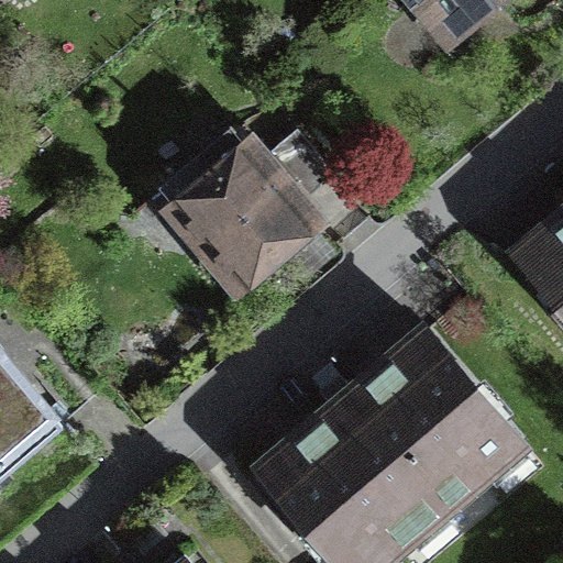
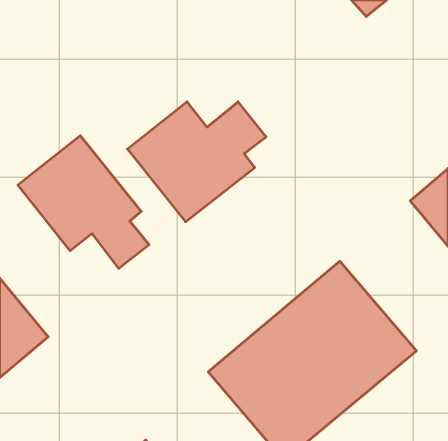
building: none -> [18,136,149,268]

